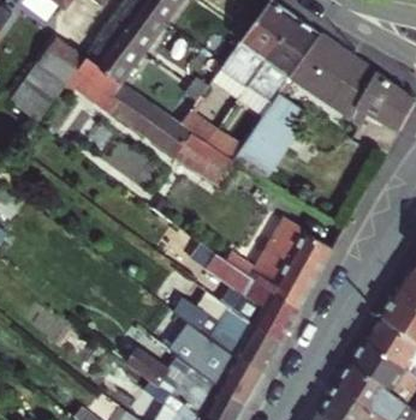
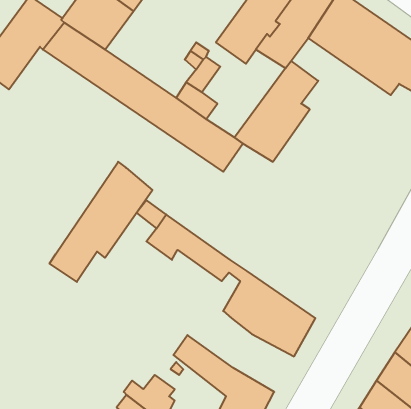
building: none -> [50,162,152,282]
building: [226,218,332,311] -> none
building: [172,299,280,373] -> none

